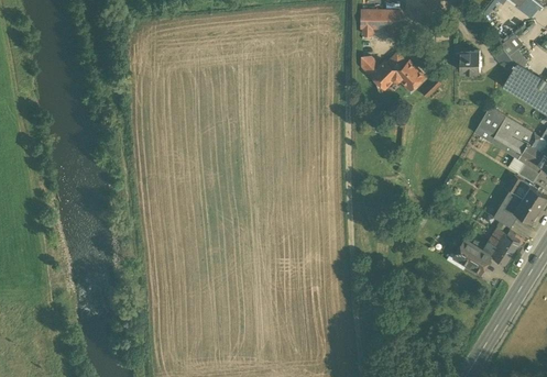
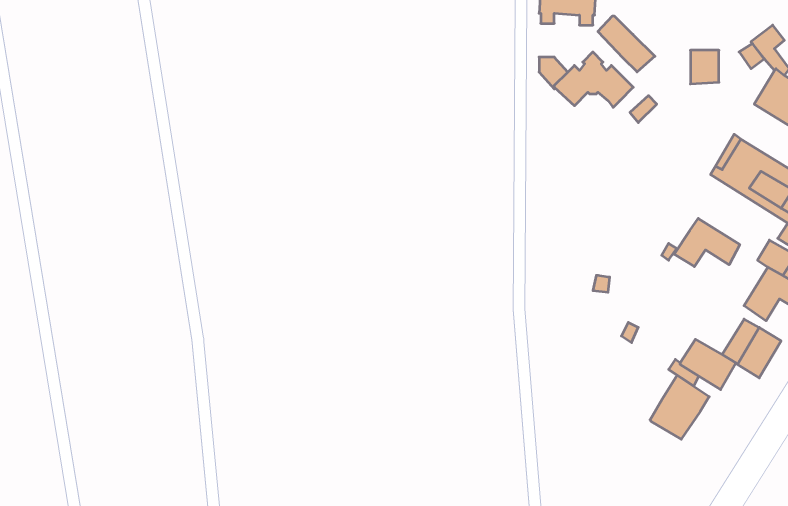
building: none -> [598,16,655,72]
building: none -> [674,218,740,267]
building: none -> [650,375,709,439]

